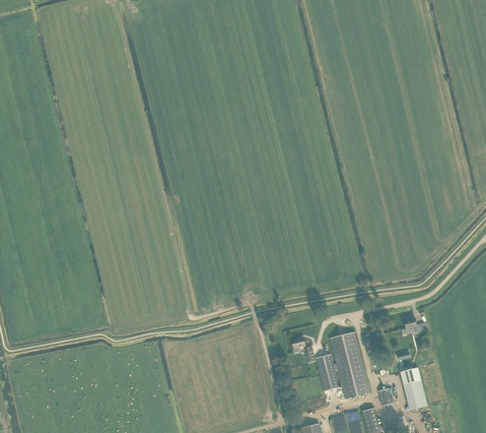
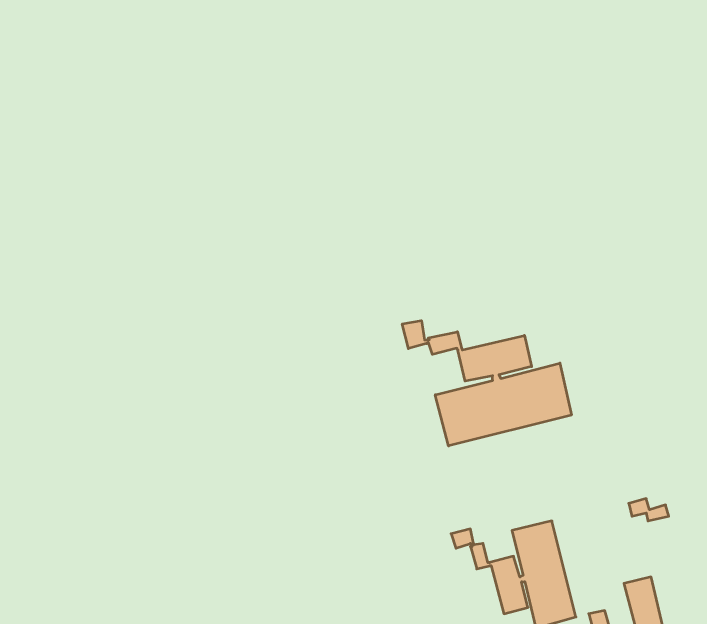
building: none -> [402,321,571,446]

